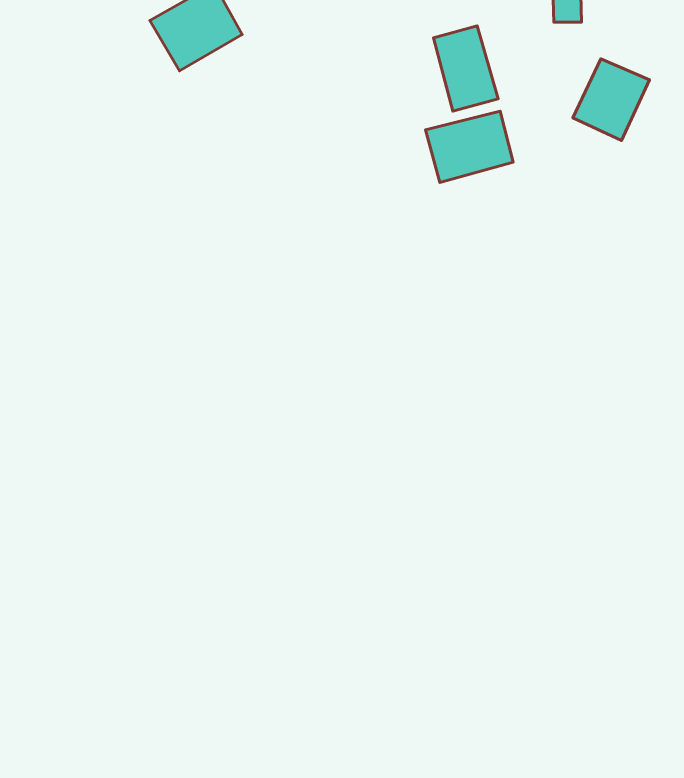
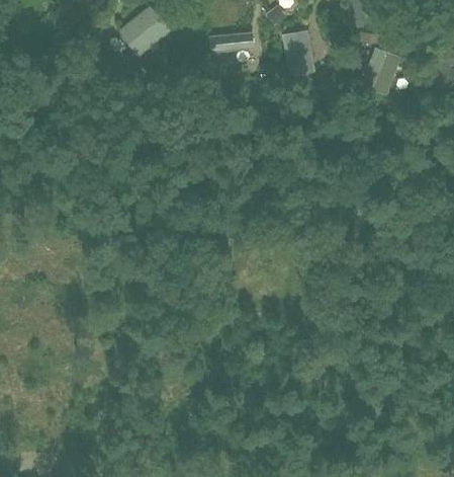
building: none -> [207,32,252,53]
building: [425,111,513,183] -> none

